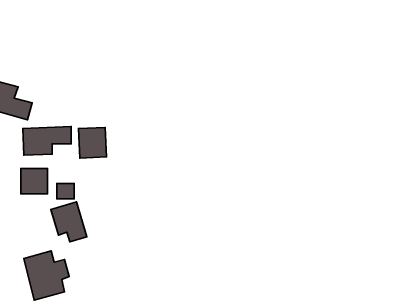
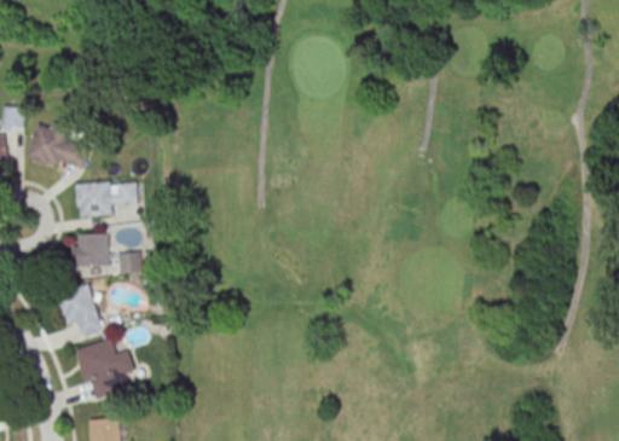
building: [79,127,106,158] -> none
building: [51,202,87,242] -> [56,285,102,336]

